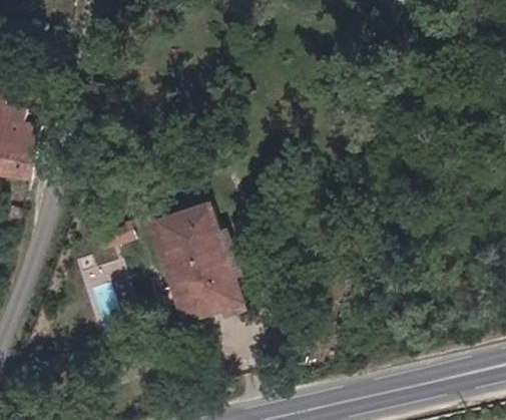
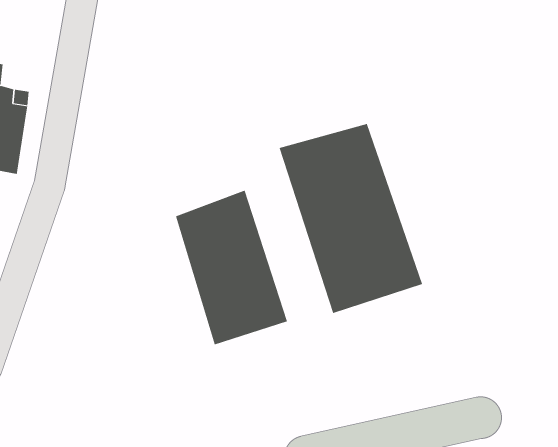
building: none -> [279,123,423,314]

